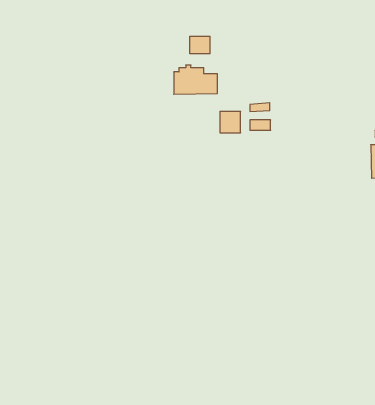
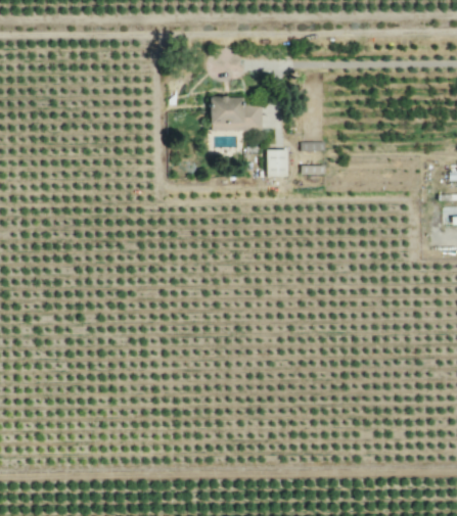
building: [190,36,210,54] -> none

